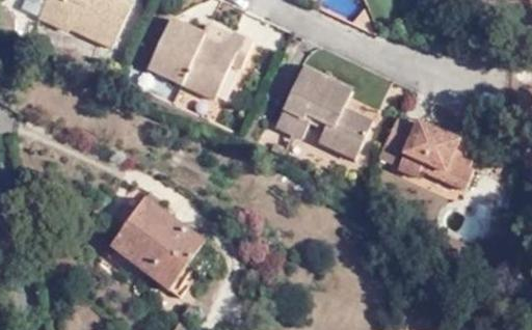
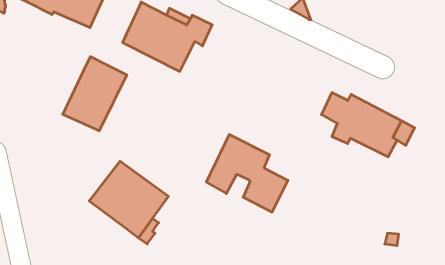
building: [276,65,373,157] -> [206,135,288,212]
building: none -> [63,57,127,131]

